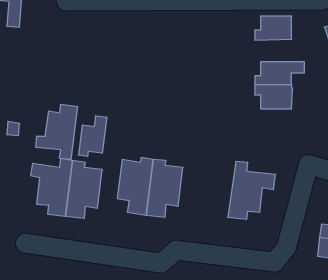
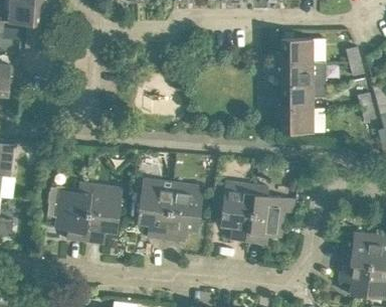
building: none -> [275,61,326,85]
building: [36,104,77,159] -> none
building: [79,116,107,156] -> none
building: none -> [212,181,256,242]

